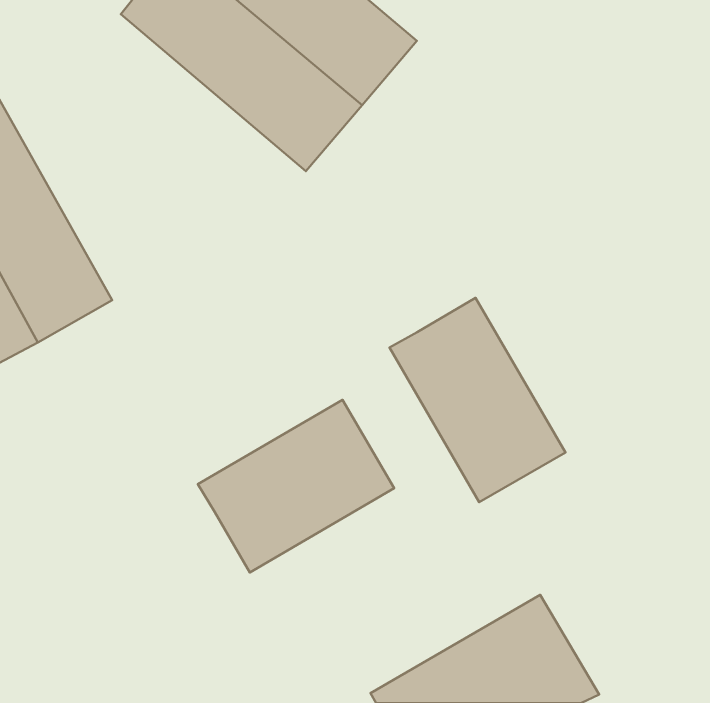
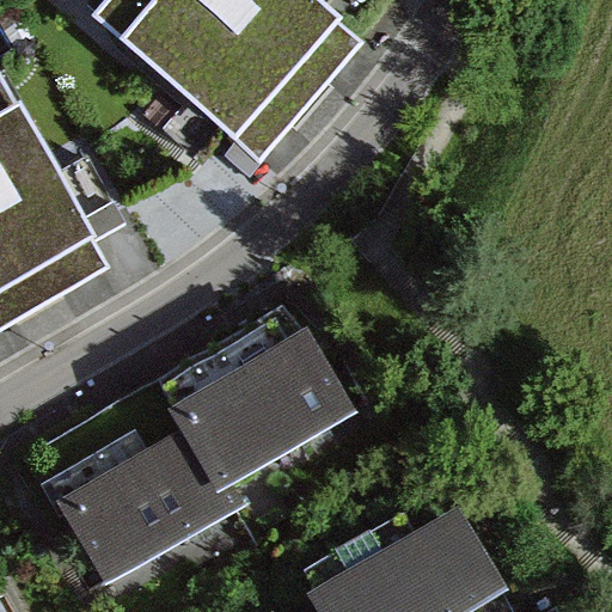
building: [389,298,565,502] -> none
building: none -> [62,436,228,586]

